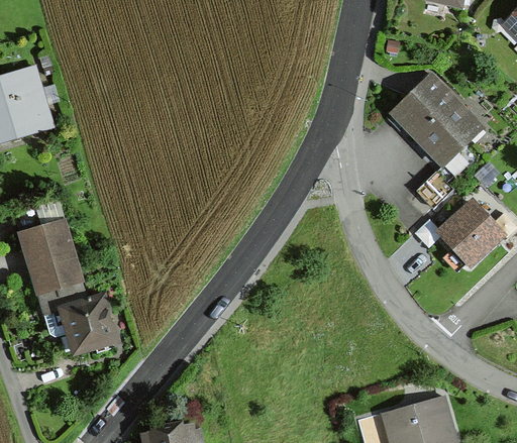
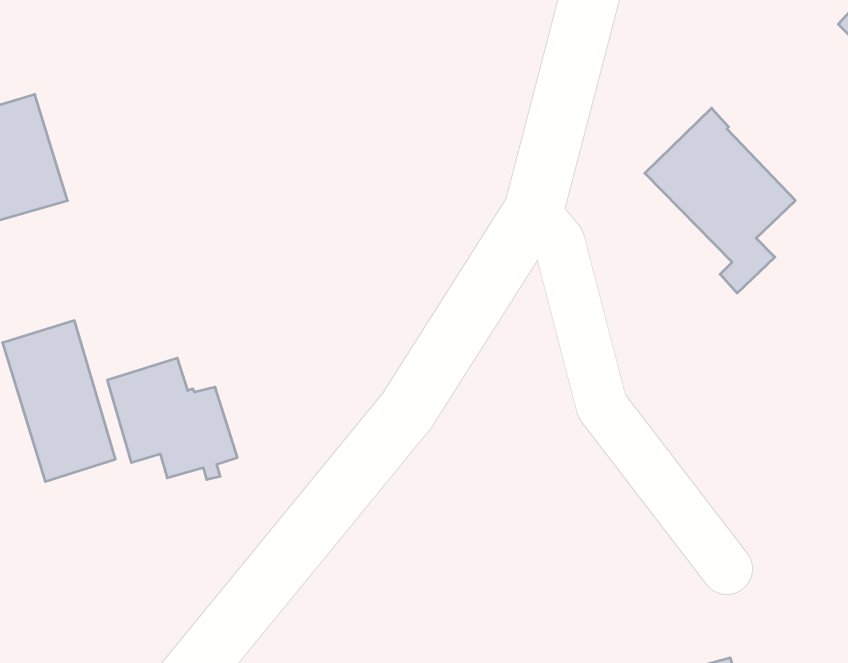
building: [440,204,499,261] -> none
building: [37,281,114,352] -> [107,358,237,480]

